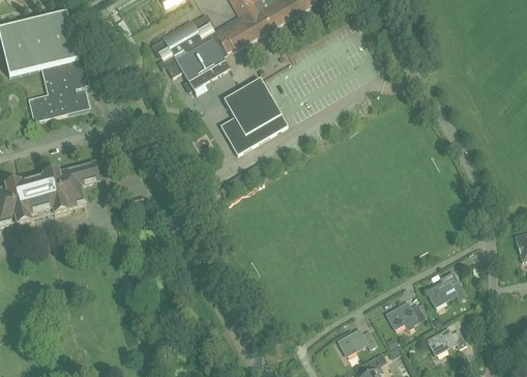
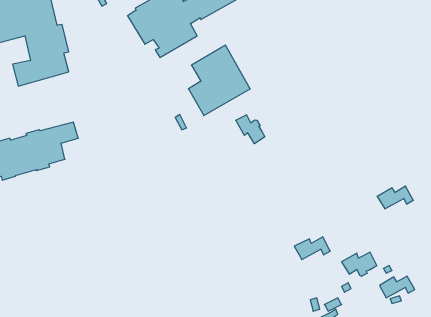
building: none -> [236,115,265,144]
building: [427,279,466,303] -> [377,186,413,209]
building: [338,328,377,353] -> [294,237,330,260]

